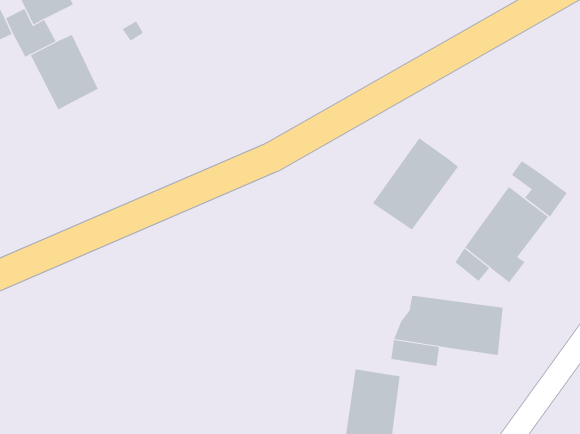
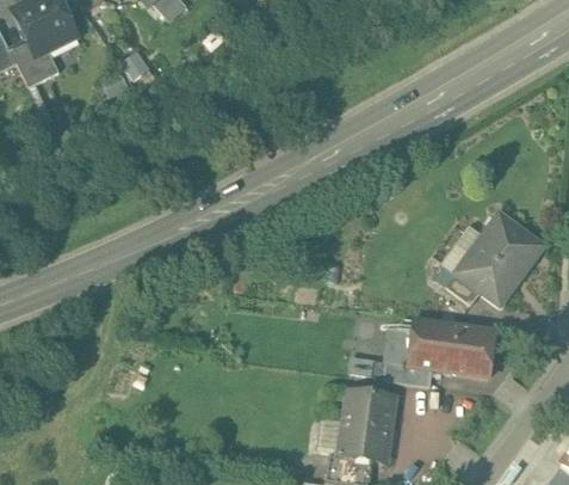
building: [30,34,99,110] -> none
building: [372,137,459,231] -> none
building: [511,160,568,217] -> none

